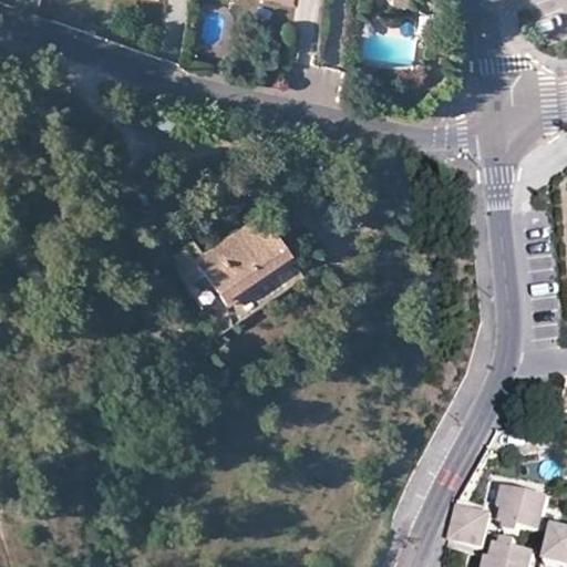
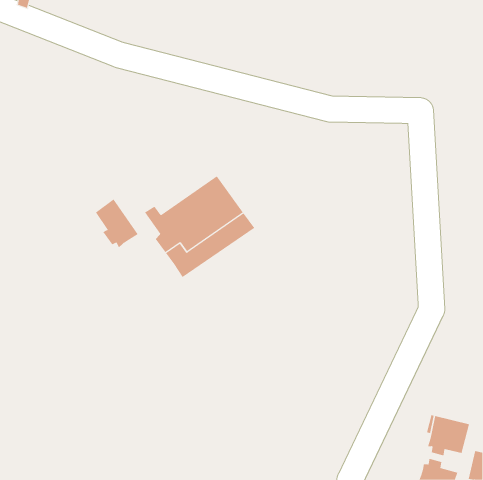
building: none -> [95,199,139,248]
building: [447,502,492,545] -> none

